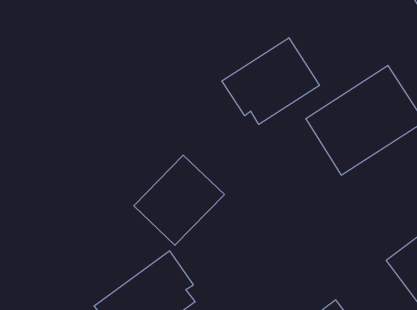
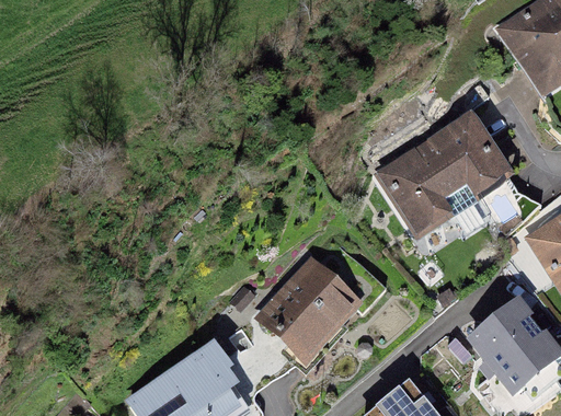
building: [222,38,319,124] -> none
building: [134,155,224,245] -> [257,253,364,358]

